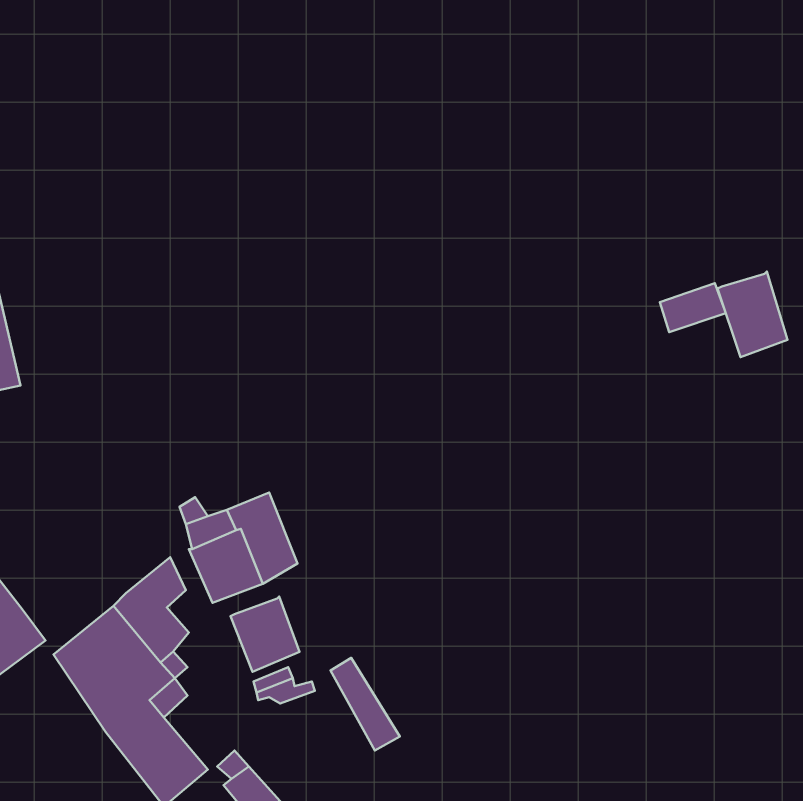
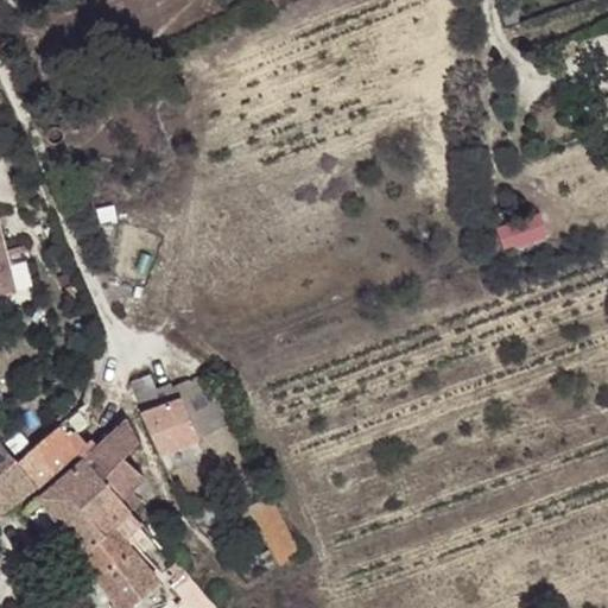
building: [718,272,787,357] -> none
building: none -> [17,407,95,486]
building: [230,596,299,672] -> none

